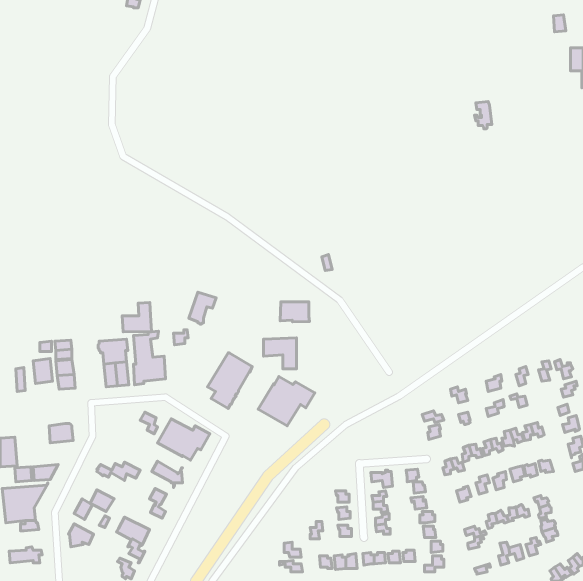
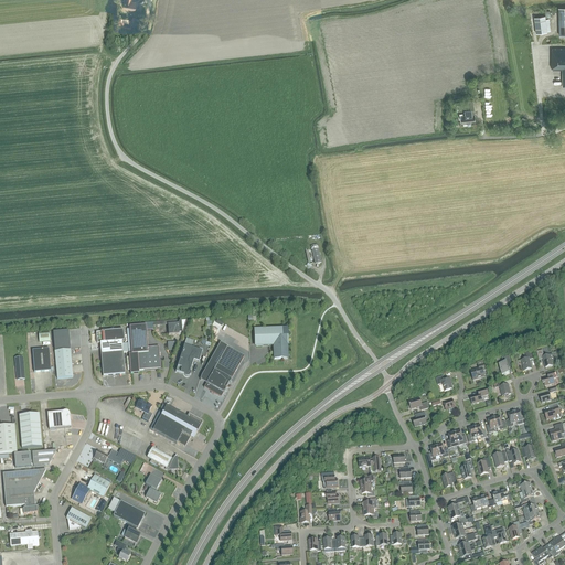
building: [189,292,216,324] -> [175,344,202,375]
building: [280,302,309,322] -> none
building: [122,302,151,332] -> none
building: [258,377,315,426] -> none
building: none -> [19,412,42,447]

